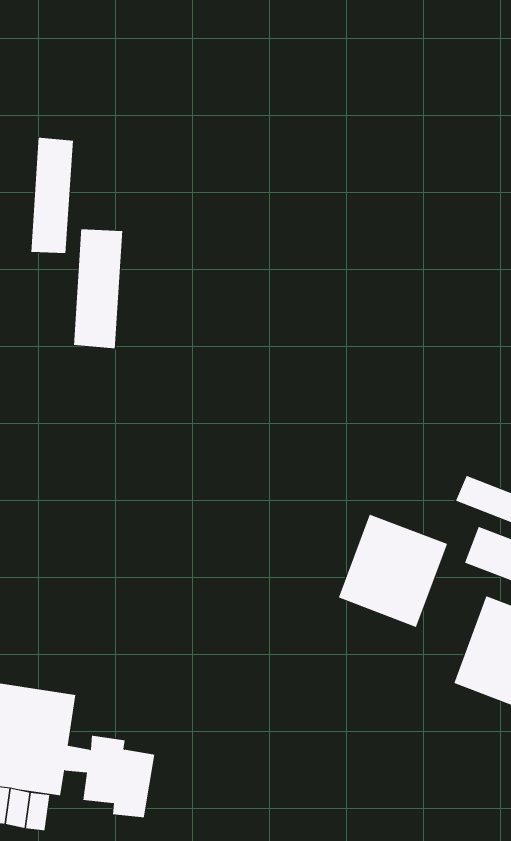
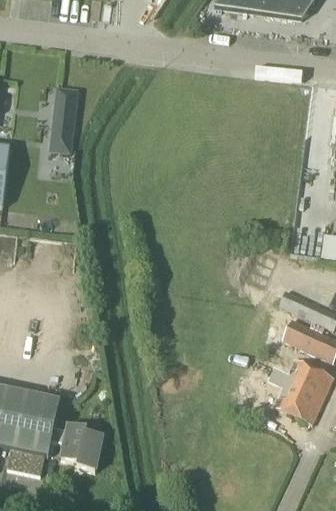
building: [73,229,123,349] -> none
building: [338,514,448,628] -> none

